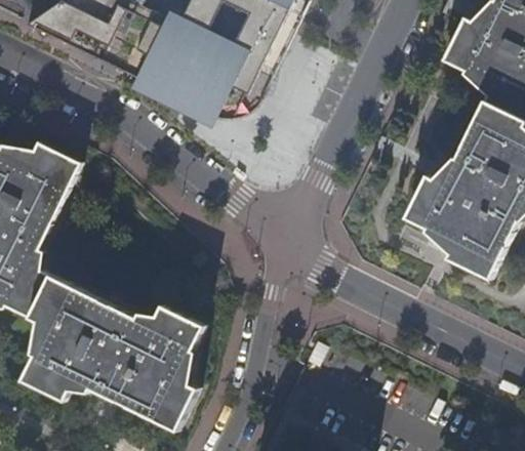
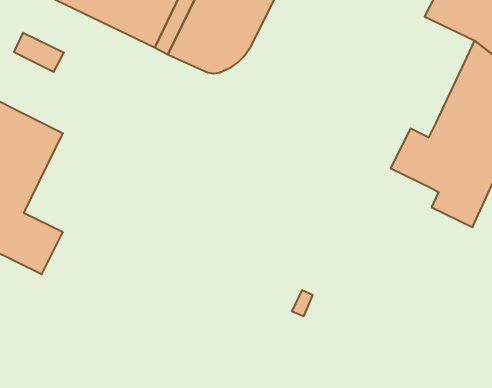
building: [29,142,80,182] -> [14,33,64,72]
building: [23,284,205,432] -> none

